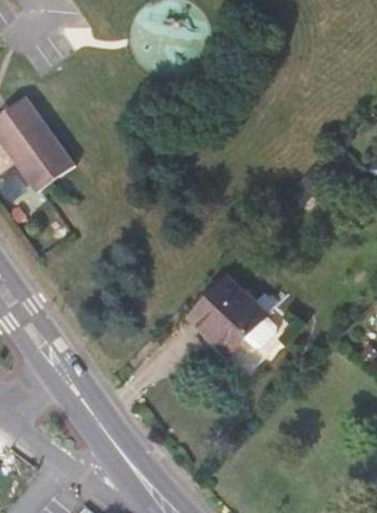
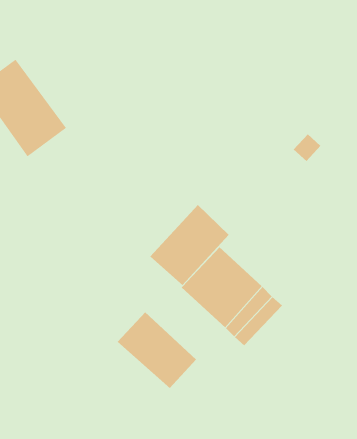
building: none -> [150,204,229,286]
building: none -> [117,311,197,389]

